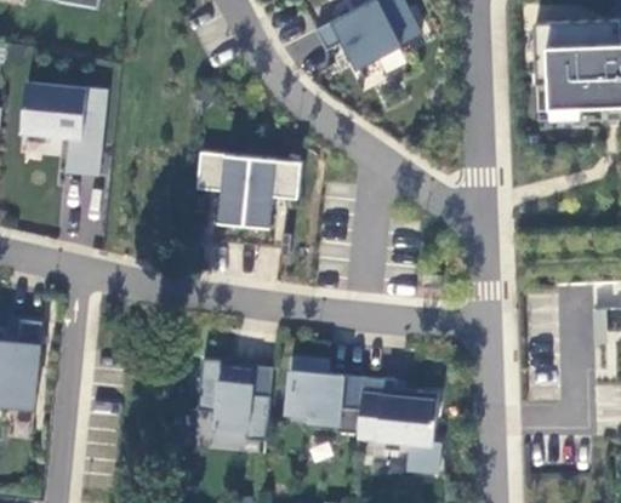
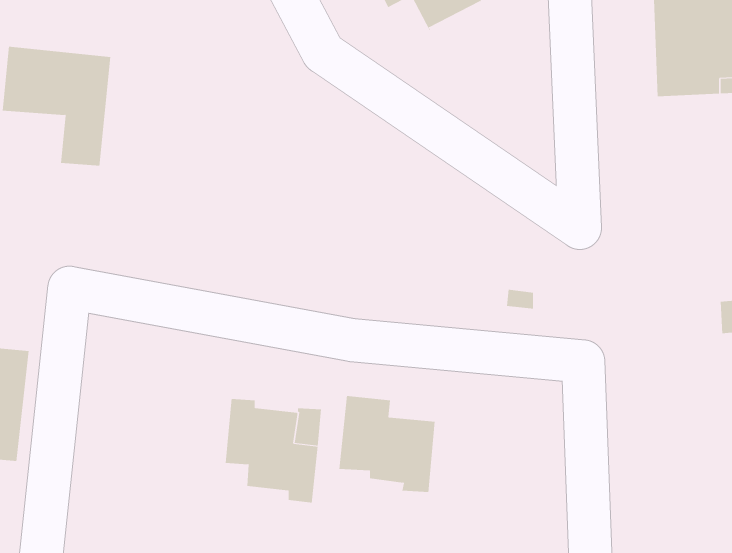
building: [196,153,301,228] -> none
building: [357,377,439,471] -> none

